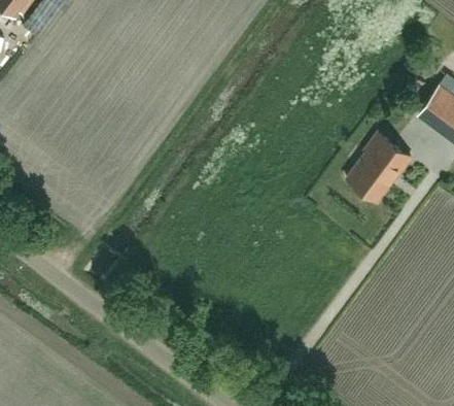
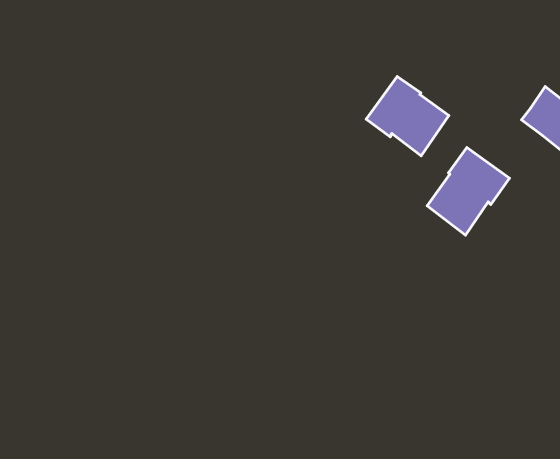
building: none -> [366,76,449,156]

